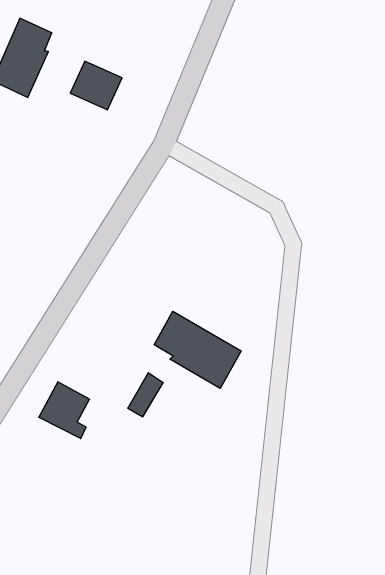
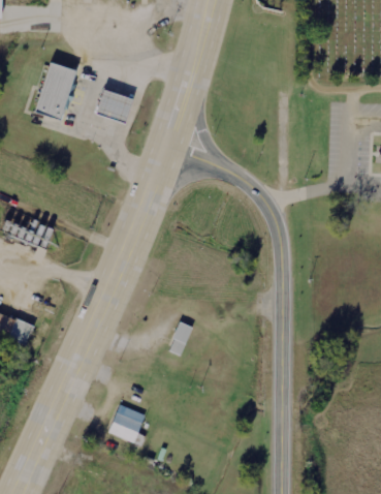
building: [154,311,241,388] -> none
building: [39,382,90,439] -> [108,404,146,445]

